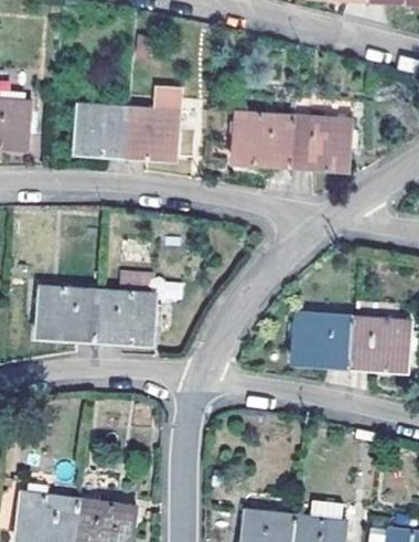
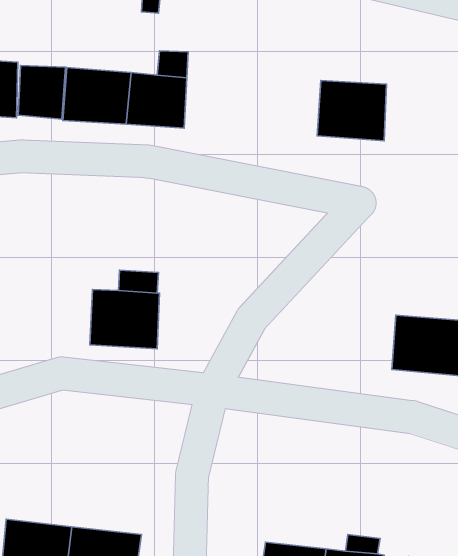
building: none -> [18,65,65,119]
building: [232,113,291,163] -> none
building: [36,290,96,342] -> none
building: [296,312,355,363] -> none

